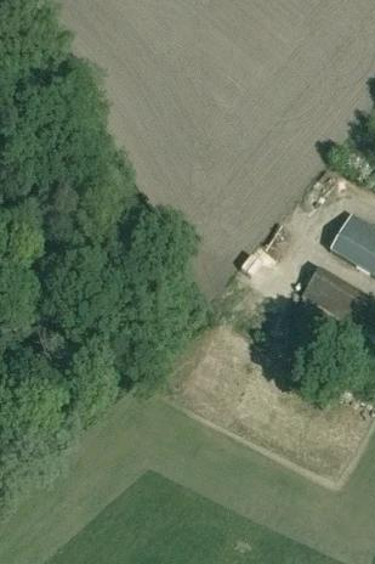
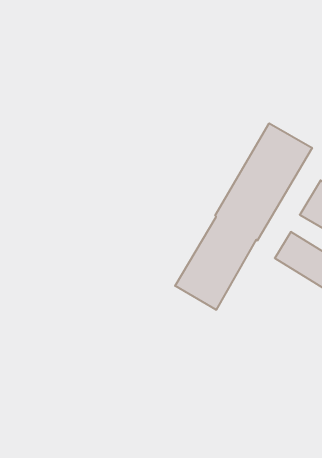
building: none -> [175,123,312,310]

